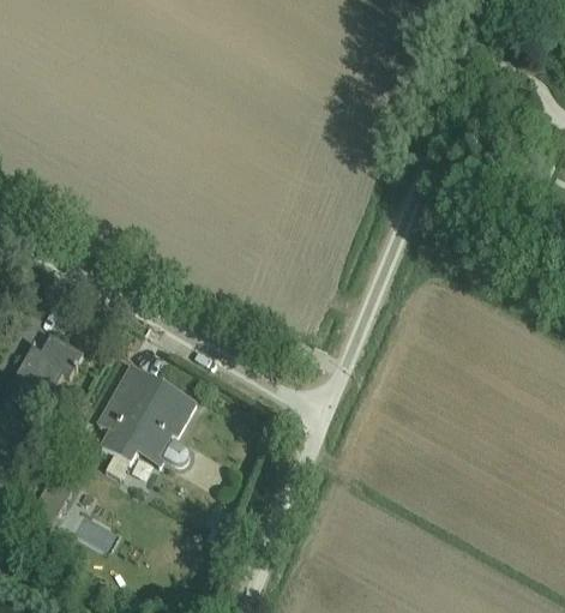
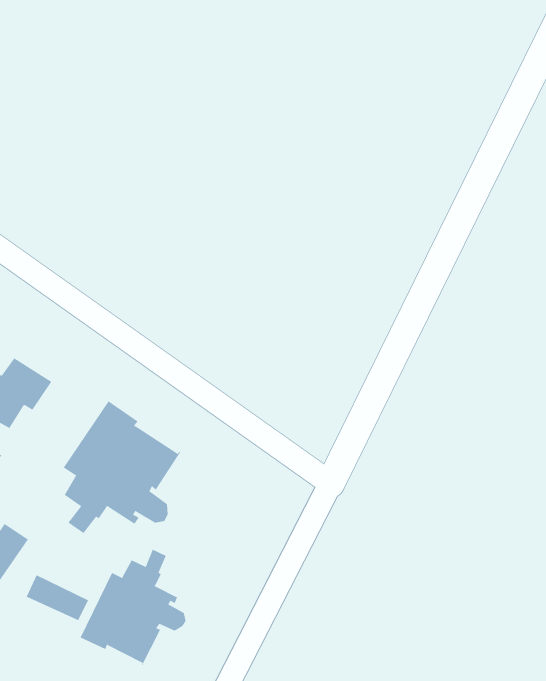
building: none -> [80,549,186,668]

